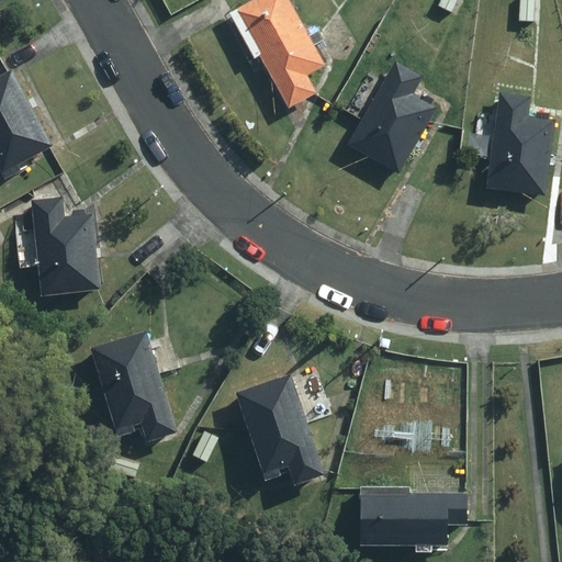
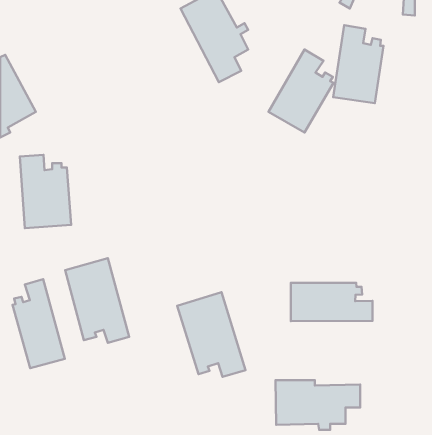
building: [488,94,553,194] -> [333,25,384,103]
building: none -> [12,279,65,368]
building: none -> [291,283,373,321]

